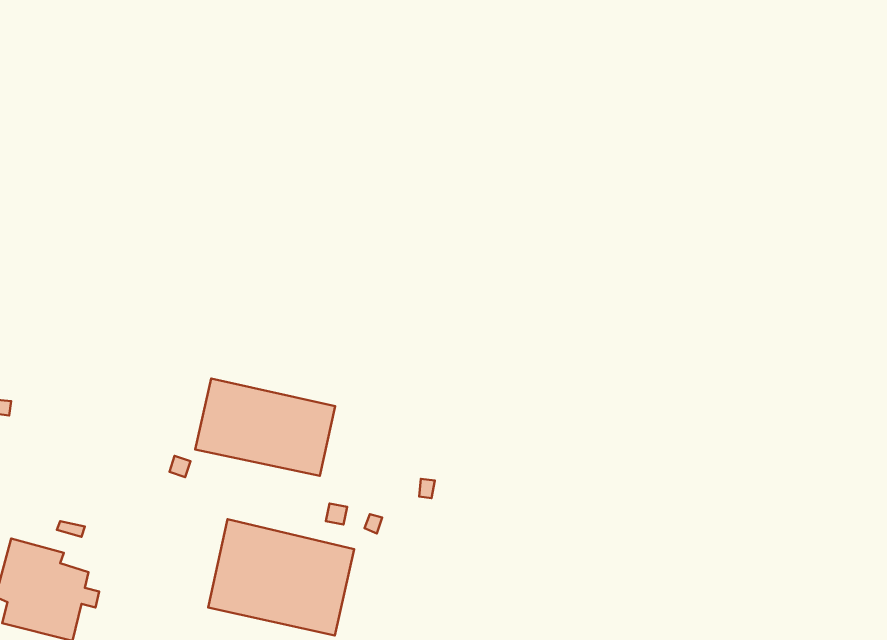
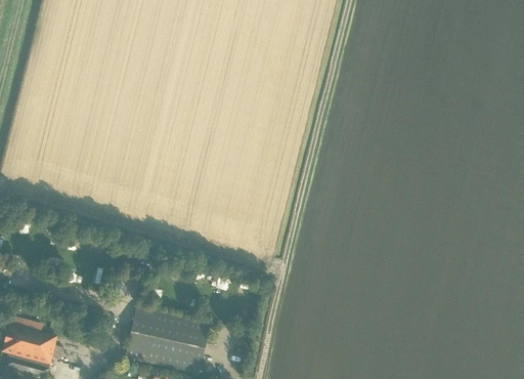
building: [195,378,335,476] -> none

